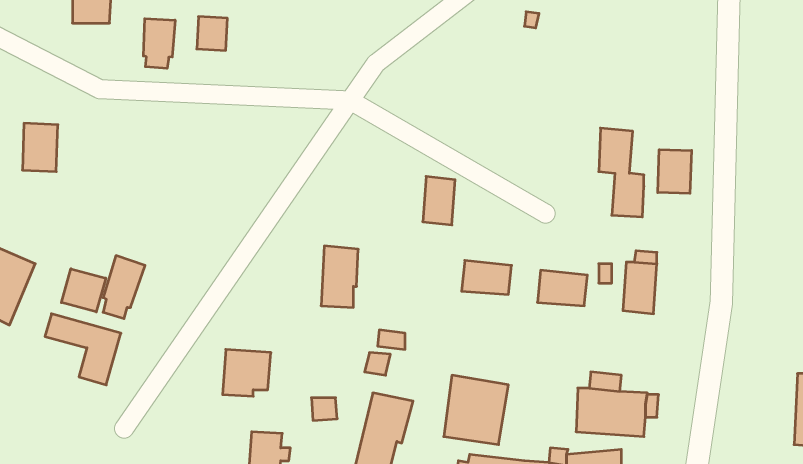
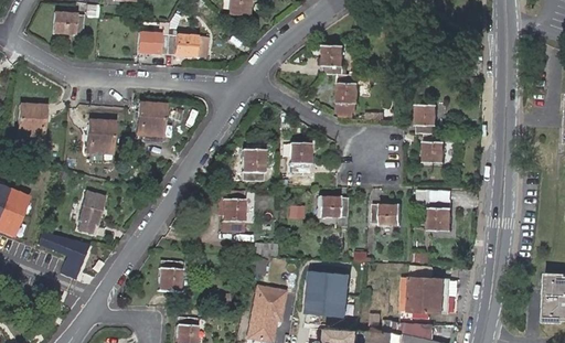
building: [143,19,175,68] -> none
building: none -> [174,31,200,53]
building: none -> [320,46,366,118]
building: none -> [138,101,166,133]
building: none -> [87,119,115,152]
building: [658,150,692,193] -> none
building: none -> [247,144,271,176]
building: [61,269,106,312] -> none

